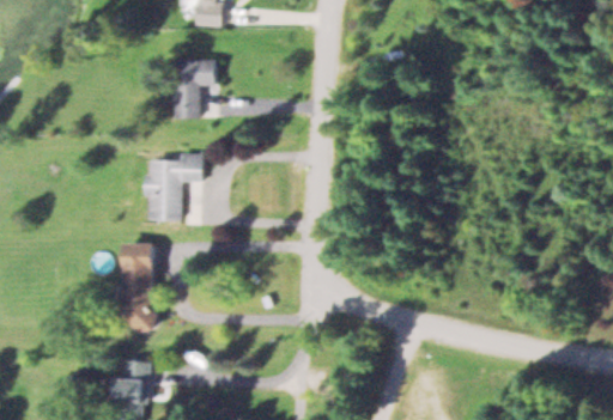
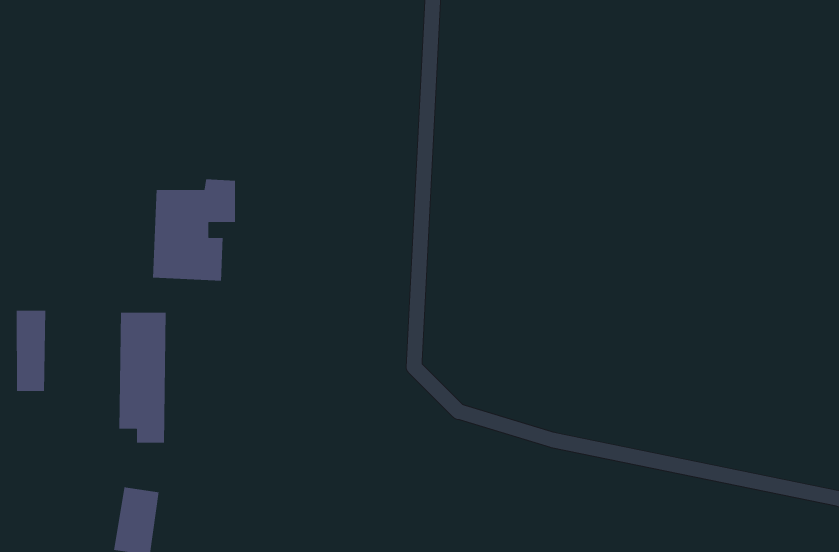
building: [172,59,214,117] -> none
building: none -> [16,310,46,392]

